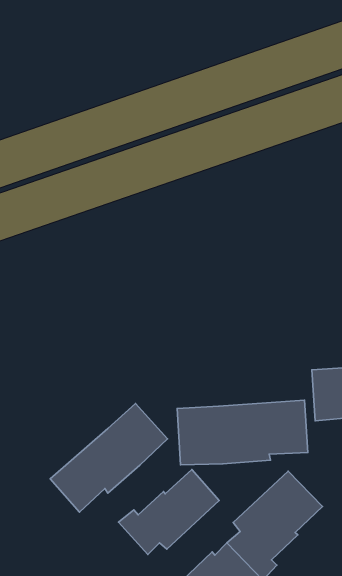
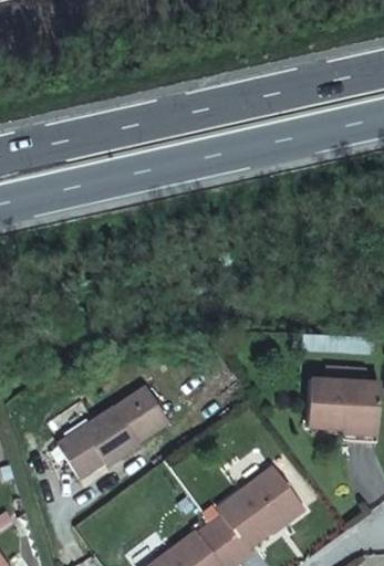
building: [177,400,308,465] -> none
building: [119,470,219,555] -> none

